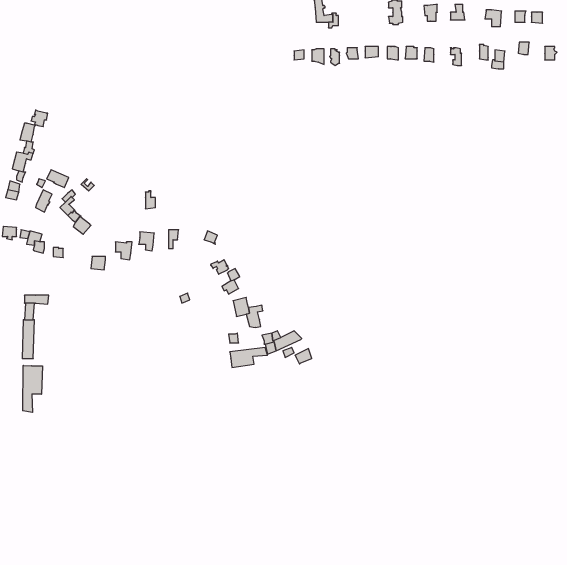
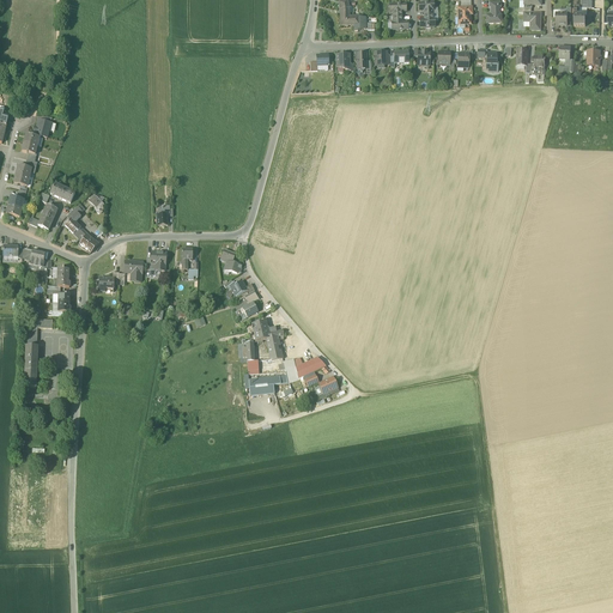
building: [23,365,42,412] -> none

